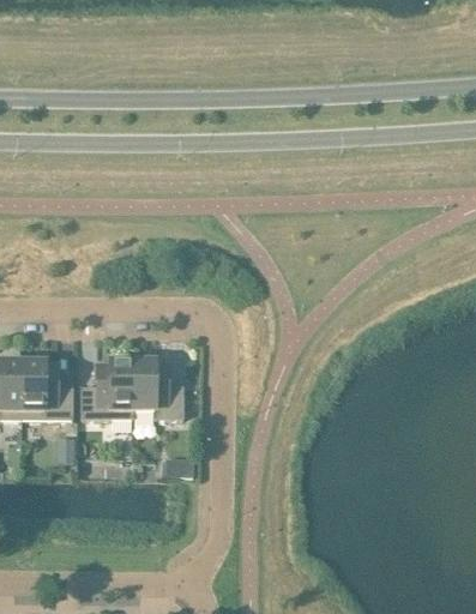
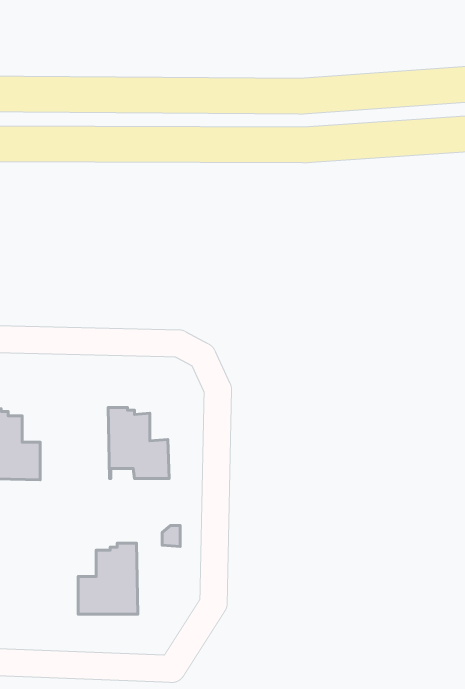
building: [82,356,133,417] -> [78,543,138,614]

